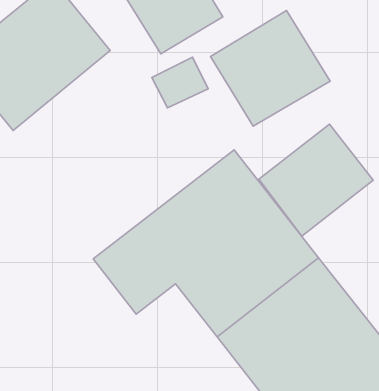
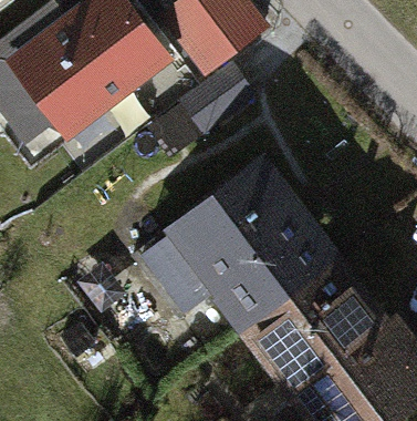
building: [211,11,330,126] -> none
building: [259,124,373,236] -> none

